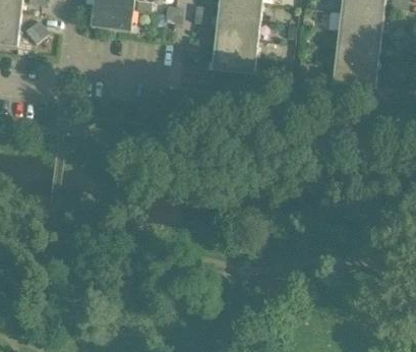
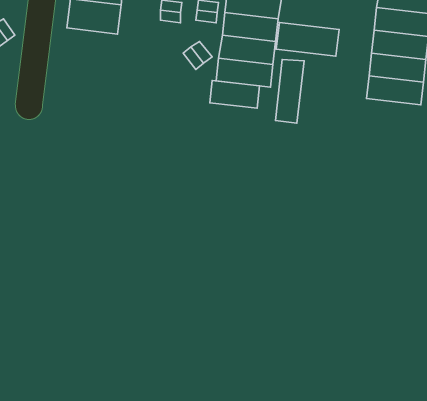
building: none -> [276,22,339,56]
building: none -> [275,59,304,123]
building: none -> [210,80,260,108]

